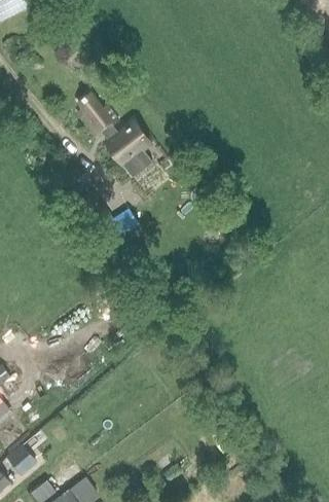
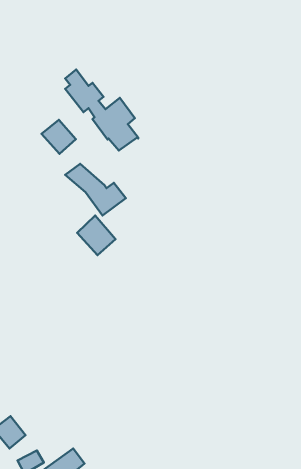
building: none -> [42,120,76,154]
building: none -> [77,216,116,255]

